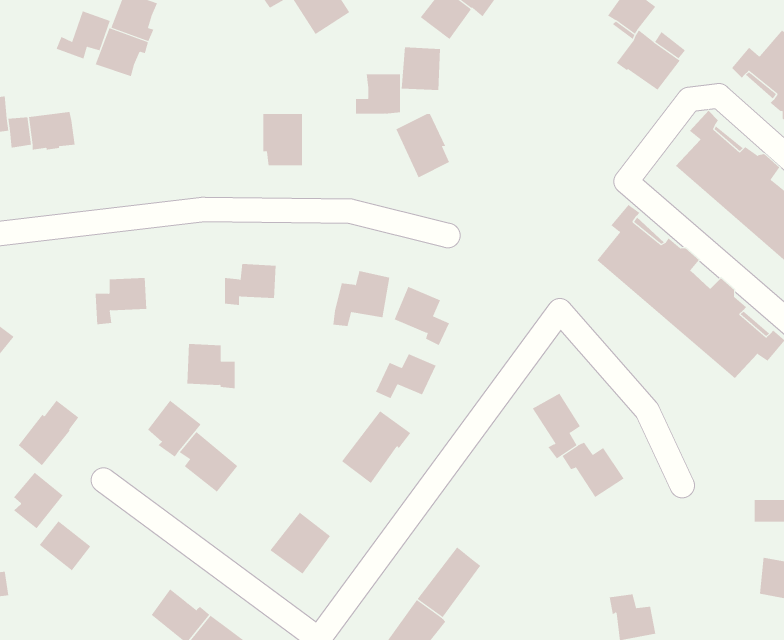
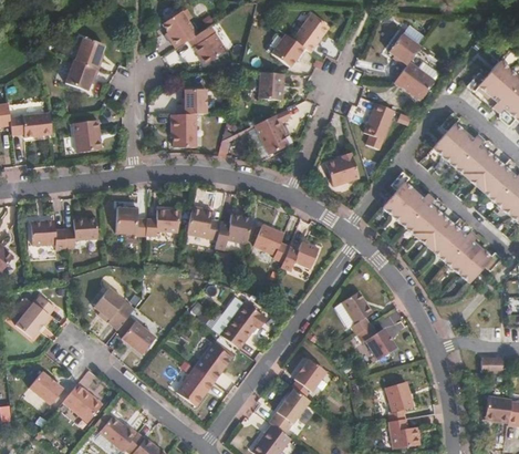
building: [56,10,111,59] -> none
building: [355,74,401,114] -> [177,89,206,114]
building: none -> [364,103,394,141]
building: none -> [73,120,102,153]
building: none -> [324,152,359,186]
building: none -> [186,206,220,239]
building: none -> [30,219,65,249]
building: [186,344,235,389] -> [115,207,146,236]
building: [375,353,436,399] -> [280,241,319,270]
building: [13,472,63,529] -> none
building: none -> [194,343,232,382]
building: none -> [291,359,325,398]
building: none -> [385,381,414,421]
building: none -> [63,383,102,421]

